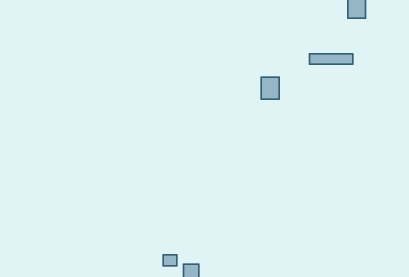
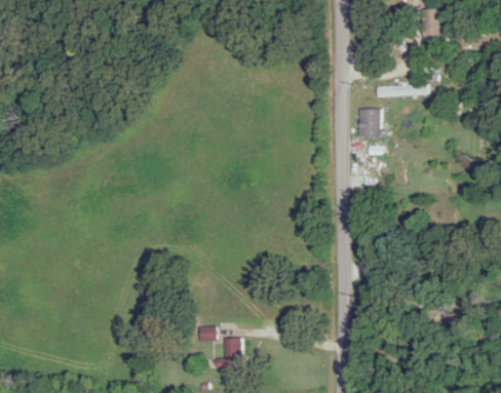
building: [261,77,279,99] -> [357,109,379,135]

